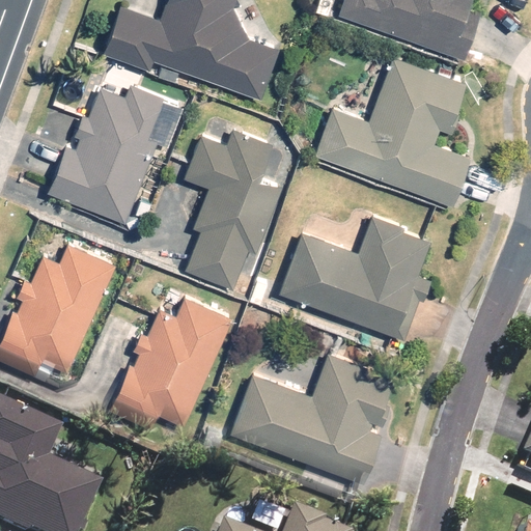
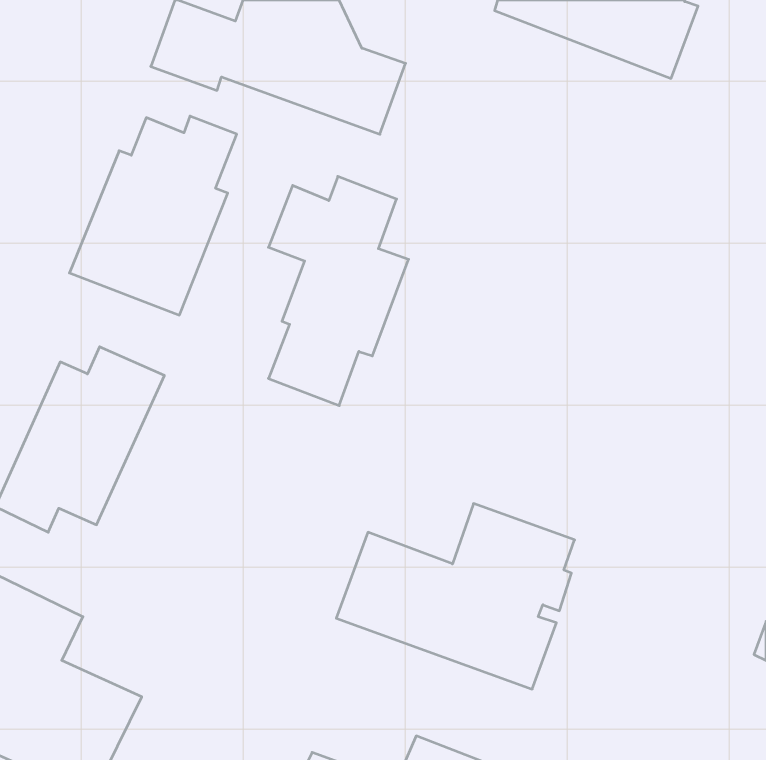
building: [312,59,472,207] -> none
building: [278,217,435,341] -> none
building: [110,297,231,427] -> none

